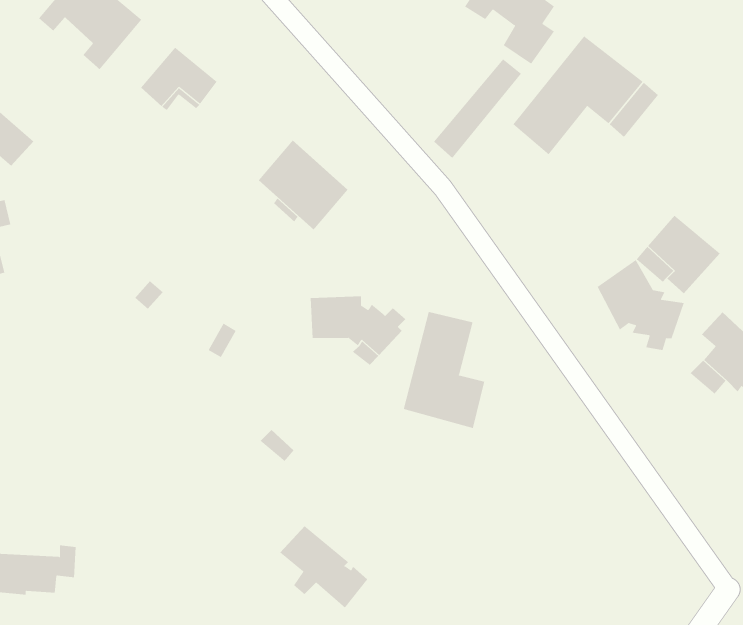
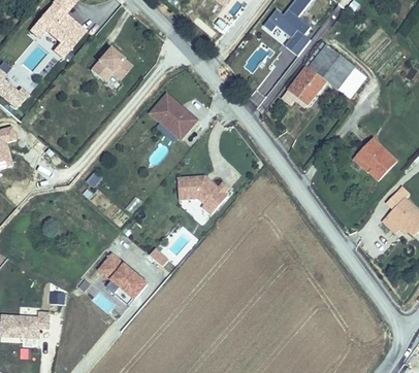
building: [597,259,684,351] -> none
building: [403,311,485,429] -> none
building: [280,525,368,608] -> [100,256,148,300]

